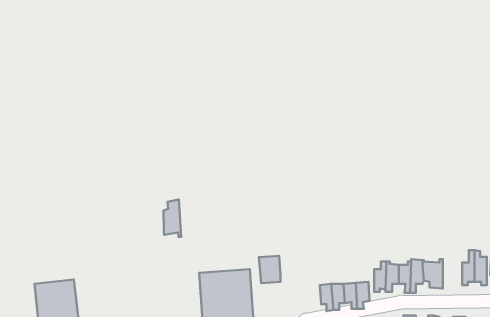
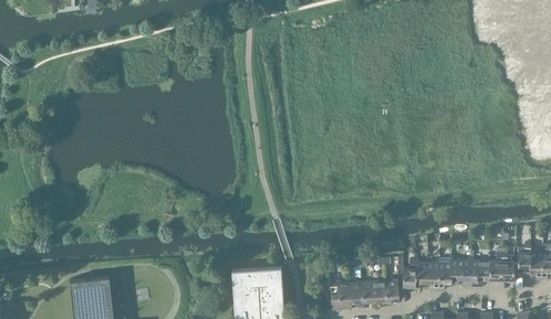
building: [164,200,181,237] -> none
building: [259,256,280,283] -> [330,283,351,309]
building: none -> [470,257,489,286]

